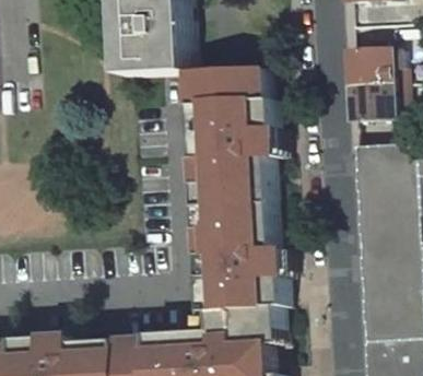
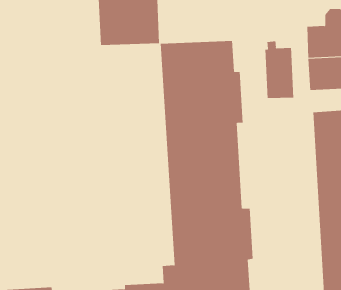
building: none -> [265,40,294,99]

